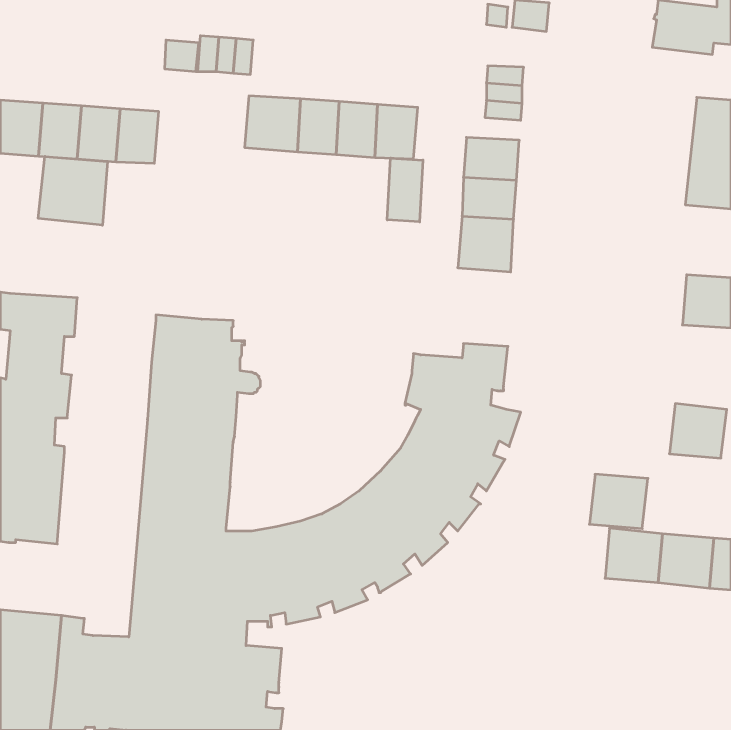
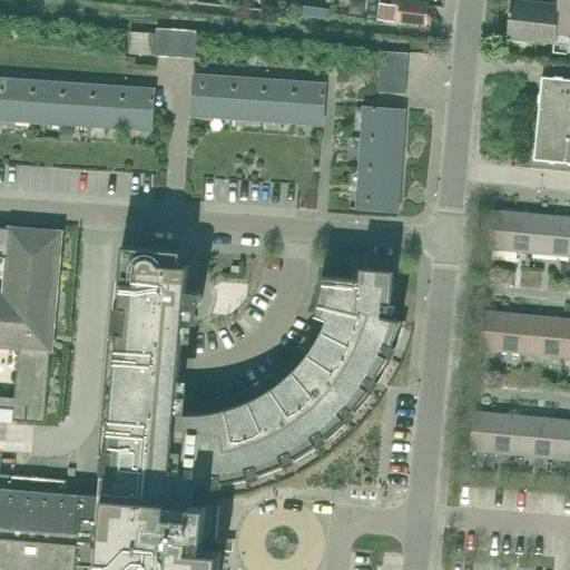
building: none -> [120,87,154,129]
building: [38,156,108,225] -> none
building: [387,158,423,222] -> none
building: none -> [490,210,534,253]
building: [589,474,648,529] -> [480,311,525,353]

